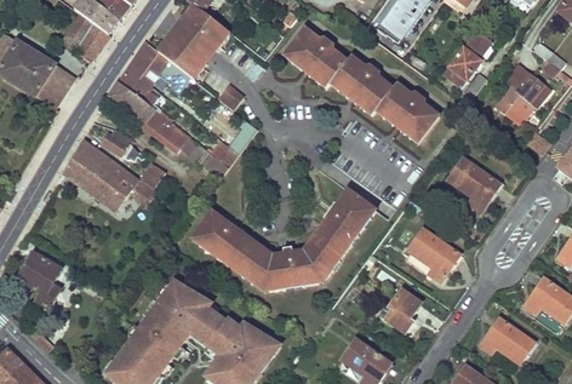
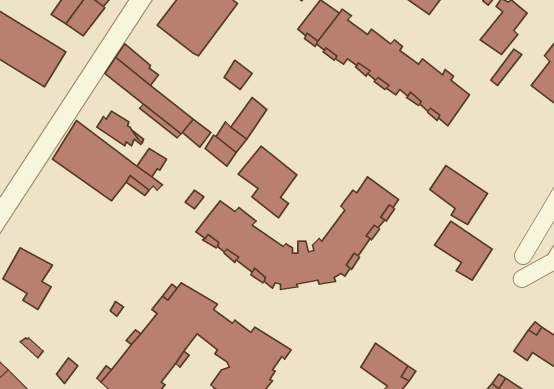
building: [127,41,189,87] -> none
building: [447,157,499,211] -> [430,165,488,224]
building: none -> [238,146,297,218]
building: [385,290,419,332] -> none

